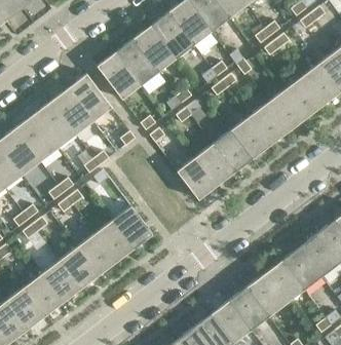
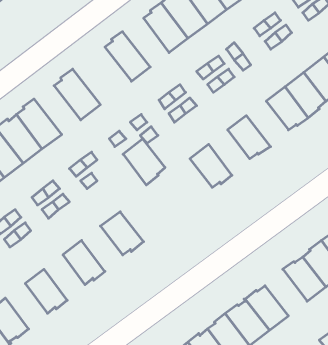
building: [131,27,175,72] -> none
building: [96,53,140,100] -> none
building: [49,89,92,135] -> none
building: [247,104,286,146] -> none
building: [212,130,250,172] -> none
building: [176,157,215,200] -> [123,139,165,185]
building: [93,220,131,262] -> none
building: [59,246,97,289] -> none
building: [264,260,303,303] -> none
building: [23,273,62,315] -> none

